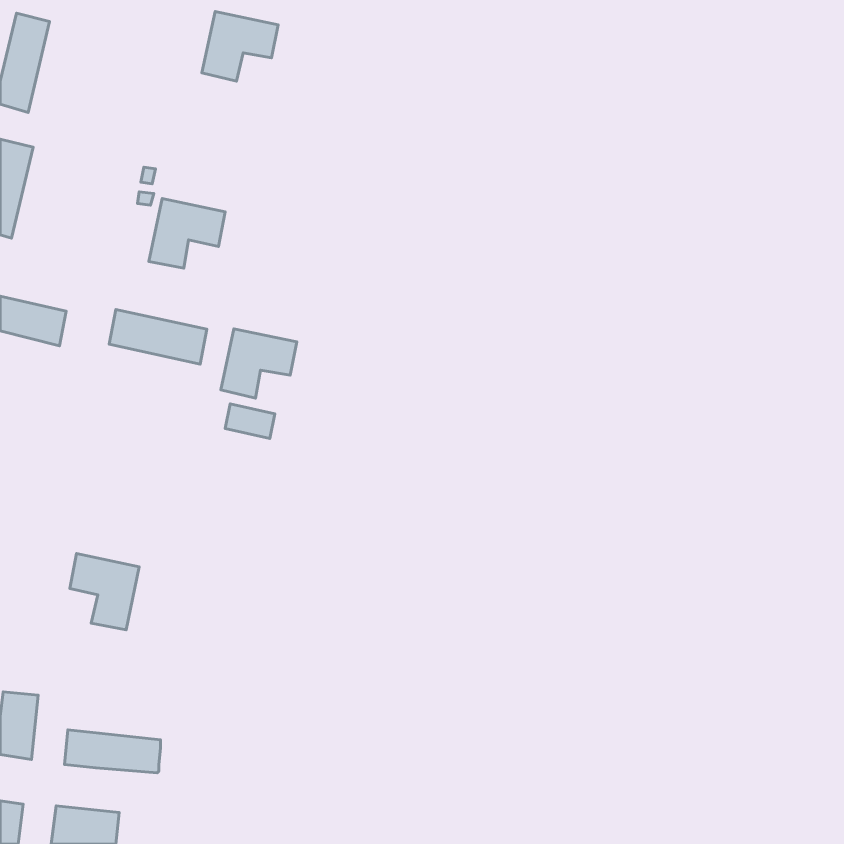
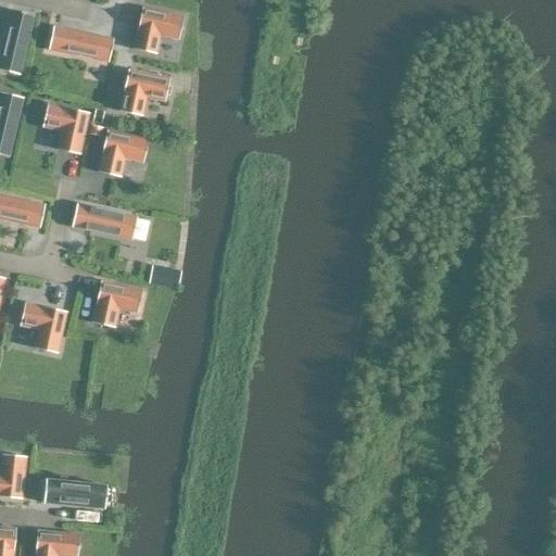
building: none -> [49,26,114,61]
building: none -> [119,70,170,115]
building: none -> [43,103,89,154]
building: [221,329,297,398] -> [92,281,142,327]
building: [70,554,139,630] -> [21,302,66,352]

